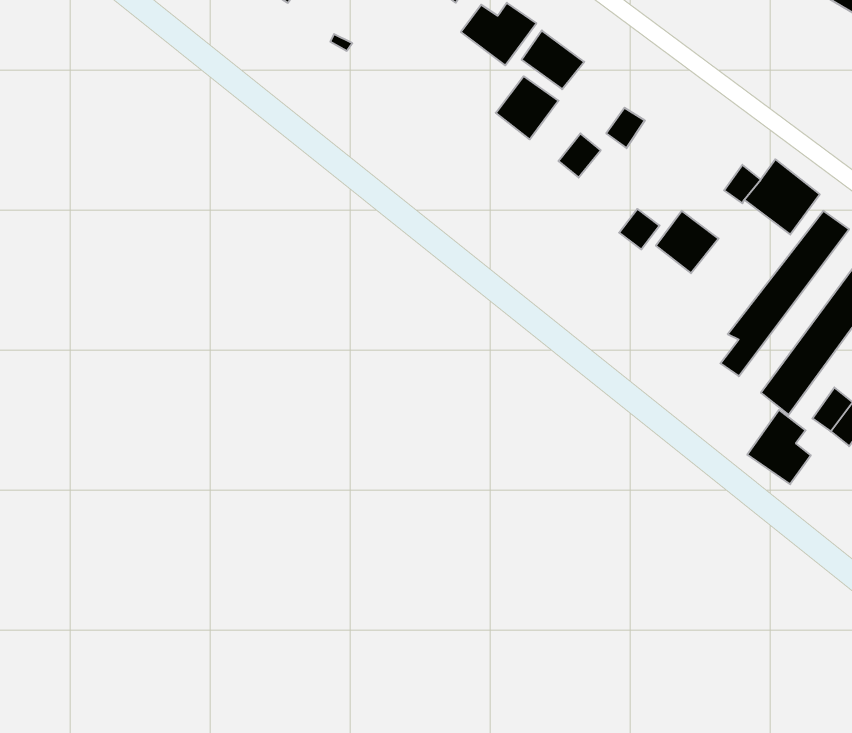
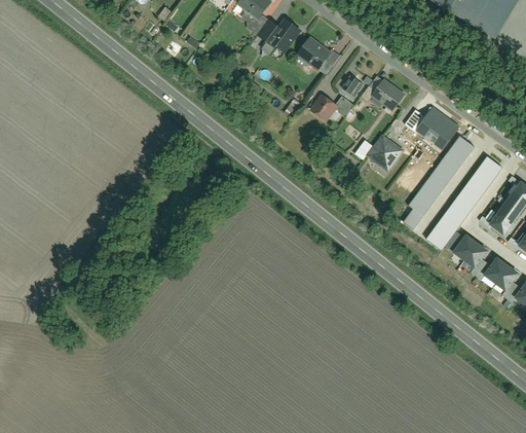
building: [496,76,559,139] -> none
building: none -> [371,78,401,108]
building: [747,410,811,484] -> none

